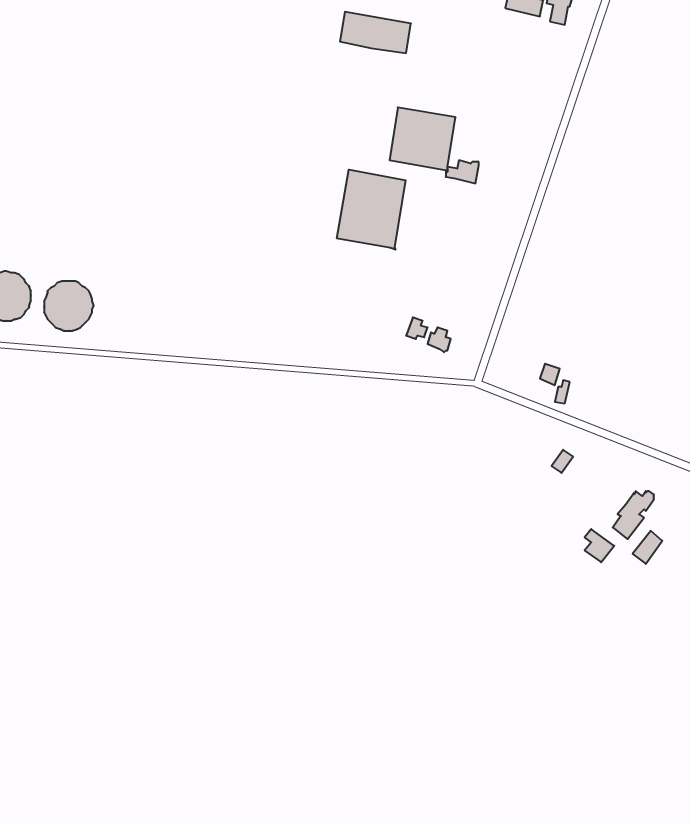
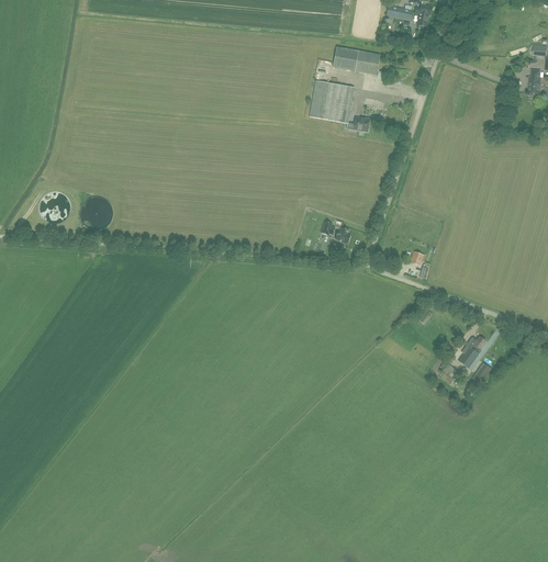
building: [340,12,411,53] -> [333,46,380,74]
building: [337,170,406,250] -> none

